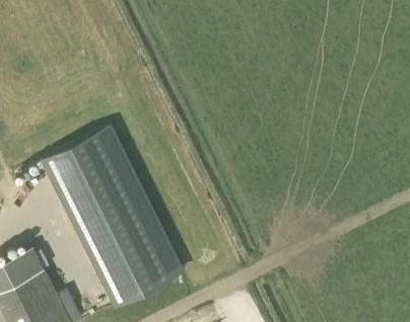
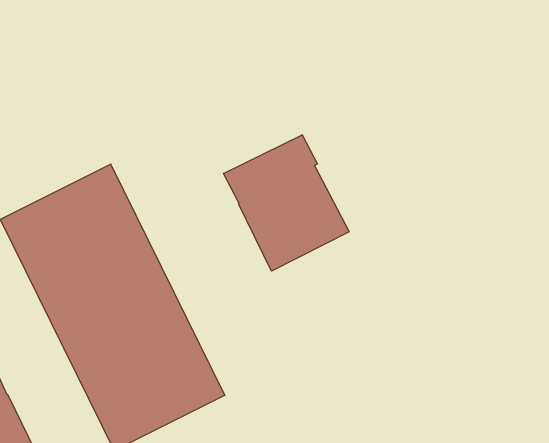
building: none -> [223,135,349,271]

